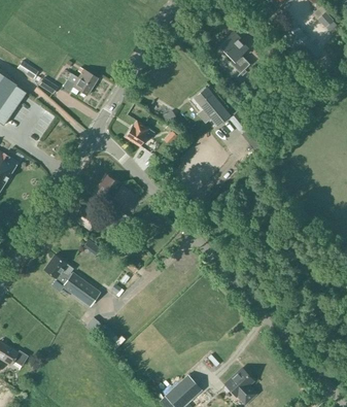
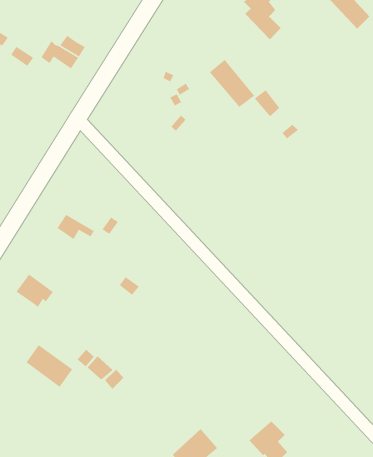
building: [125,121,154,146] -> none
building: [91,177,122,207] -> none
building: [63,272,100,306] -> [25,344,73,388]

